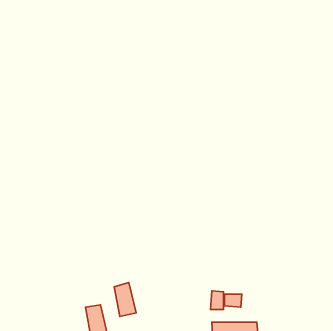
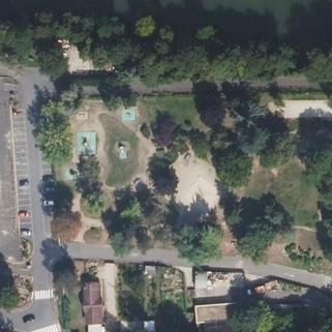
building: [114,283,136,316] -> none

